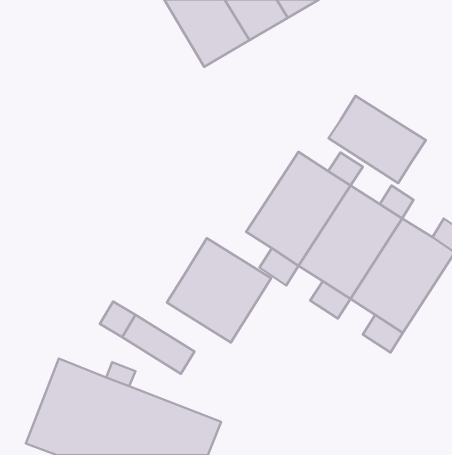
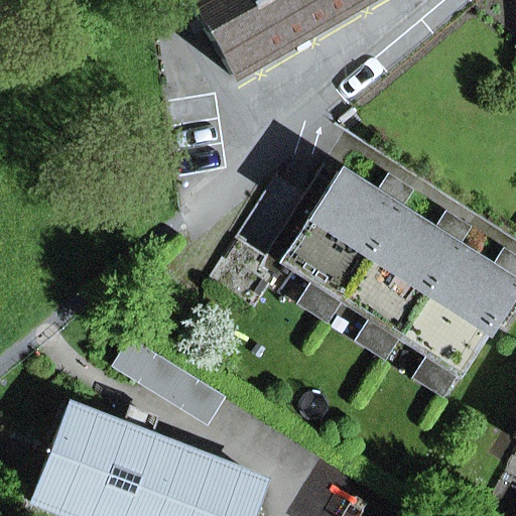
building: [329,96,426,183] -> none
building: [167,238,271,342] -> none

